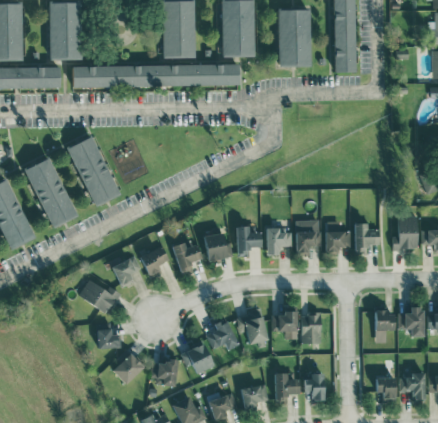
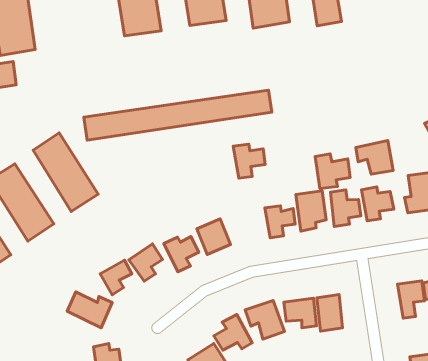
building: [73,65,240,87] -> [84,90,272,140]
building: none -> [356,141,393,174]
building: none -> [315,154,350,189]
building: [236,227,262,256] -> [233,144,265,178]

